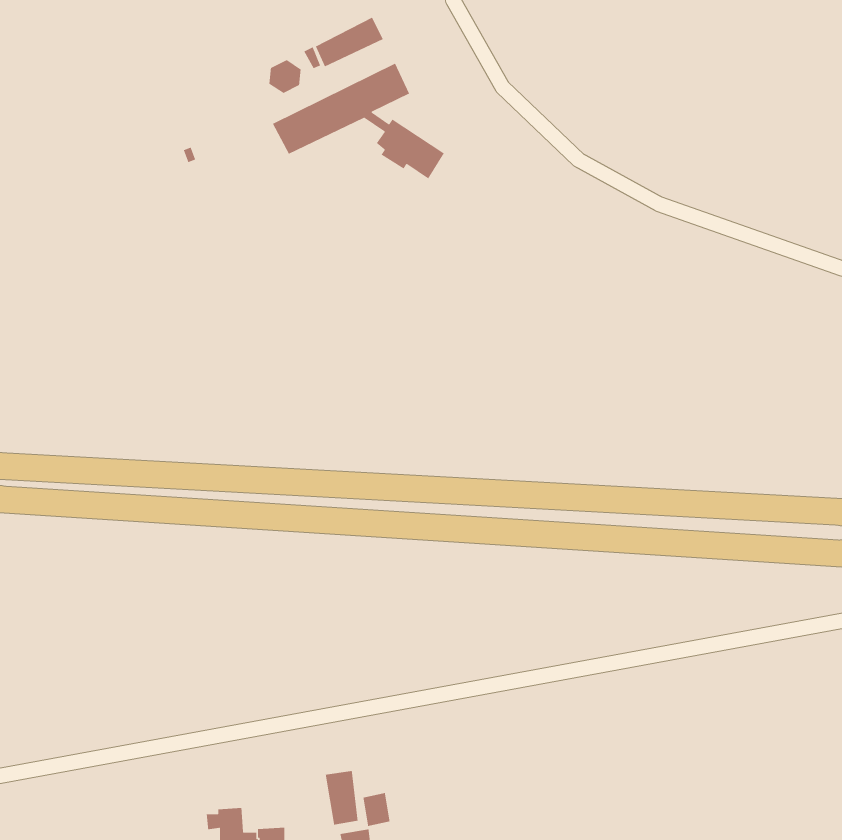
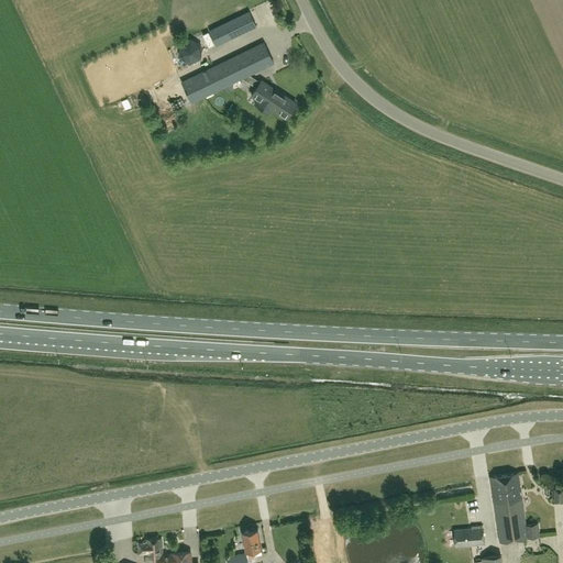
building: none -> [489,474,539,543]
building: [325,770,359,826] -> none
building: none -> [454,529,484,548]

